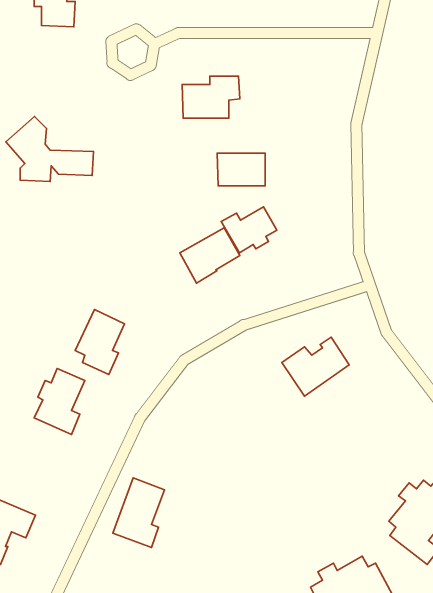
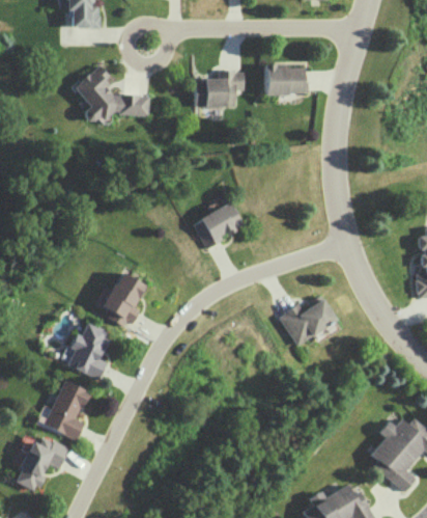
building: [6,117,93,181] -> [75,65,150,121]
building: [217,153,265,186] -> [263,66,305,94]
building: [221,207,277,253] -> none
building: [113,478,165,547] -> [45,380,89,440]

